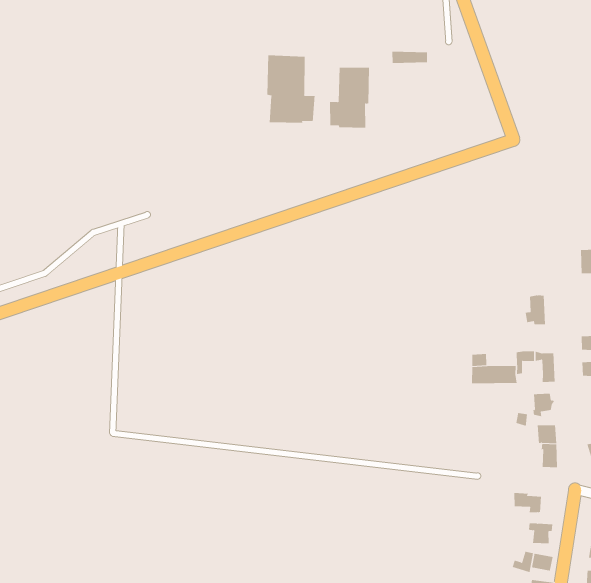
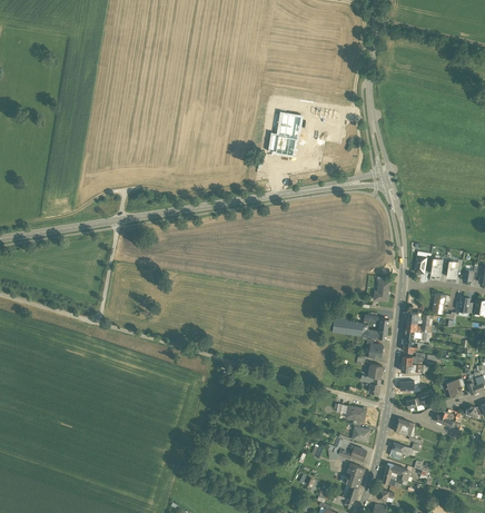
building: [267,55,315,124] -> none

